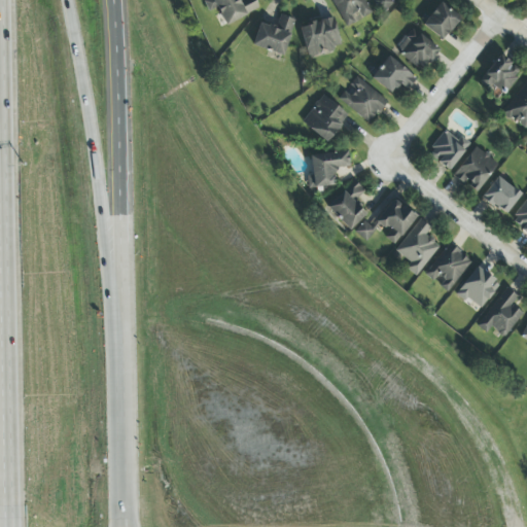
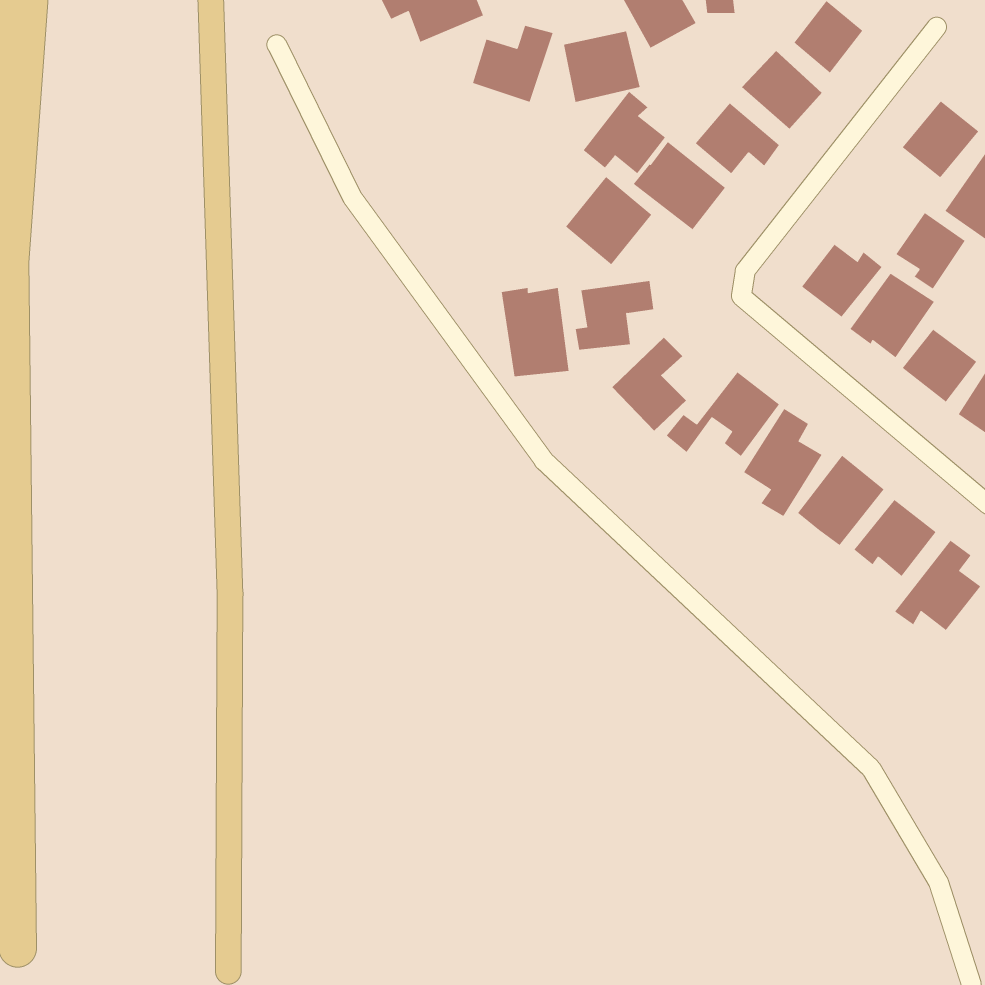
building: none -> [583,91,666,174]
building: none -> [896,212,966,290]
building: none -> [501,287,569,377]

